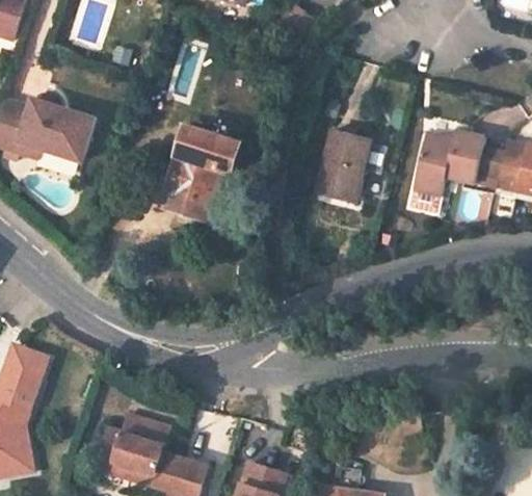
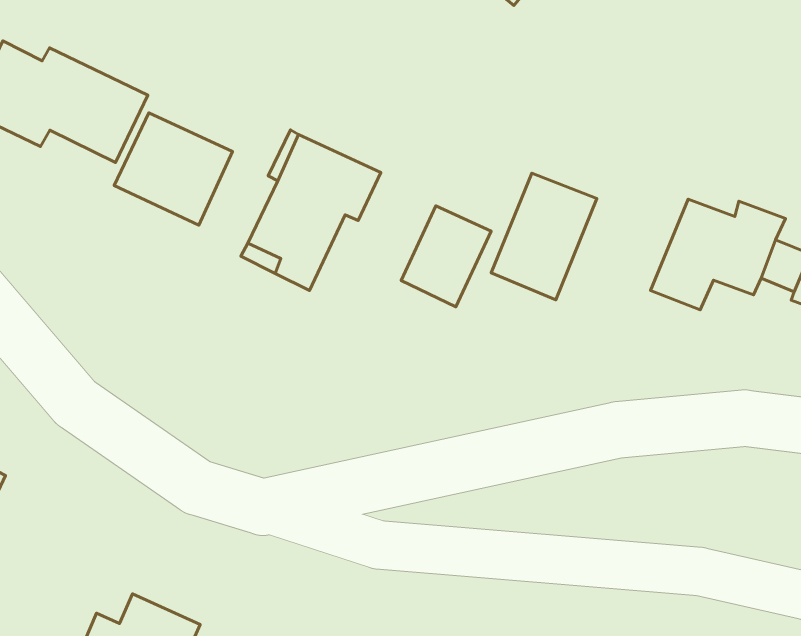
building: none -> [114,113,233,225]
building: none -> [401,206,491,307]

